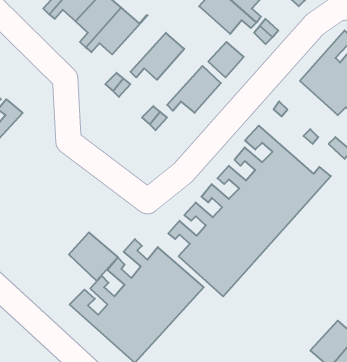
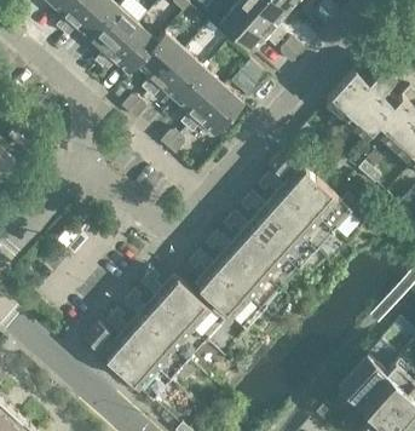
building: none -> [128,33,185,92]
building: none -> [175,68,224,127]
building: [69,232,118,281] -> none

